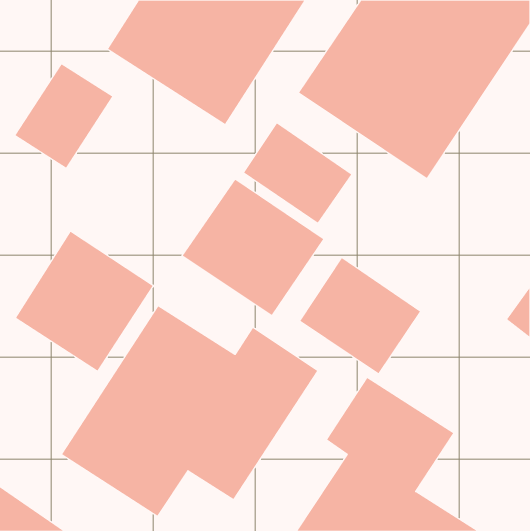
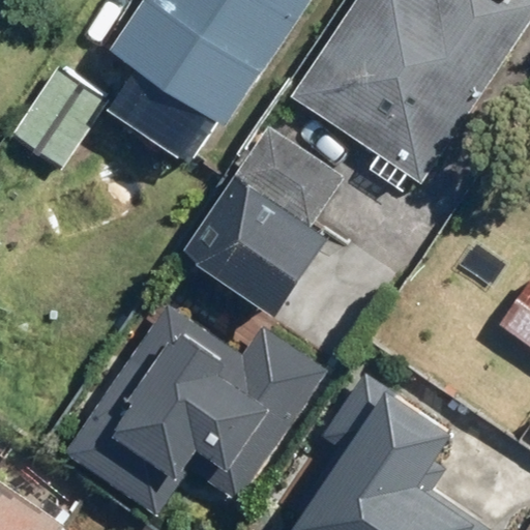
building: [15,231,153,372] -> none
building: [300,257,421,374] -> none

